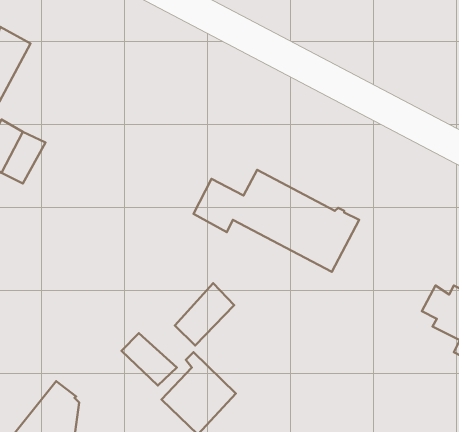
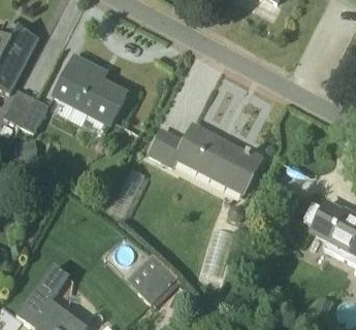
building: none -> [54,56,126,125]
building: [175,283,234,346] -> none
building: [121,333,177,386] -> none

